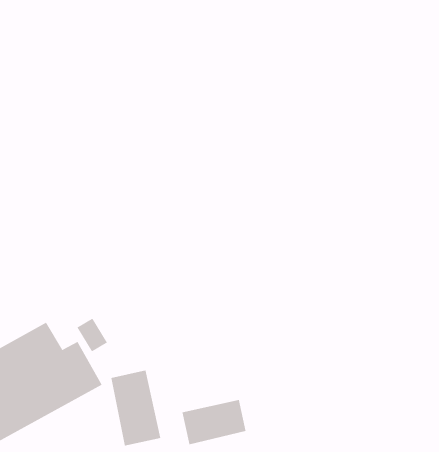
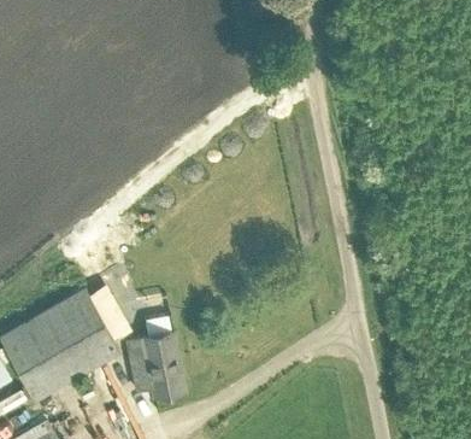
building: [182,399,246,445] -> none

